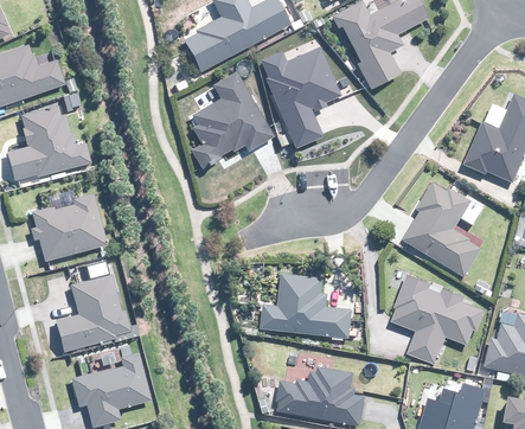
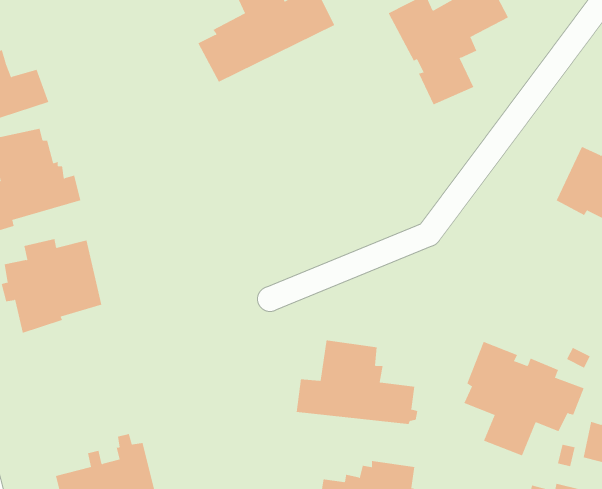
building: [260,47,339,148] -> none
building: [190,73,274,167] -> none
building: [403,181,480,276] -> none
building: [56,268,139,352] -> none

